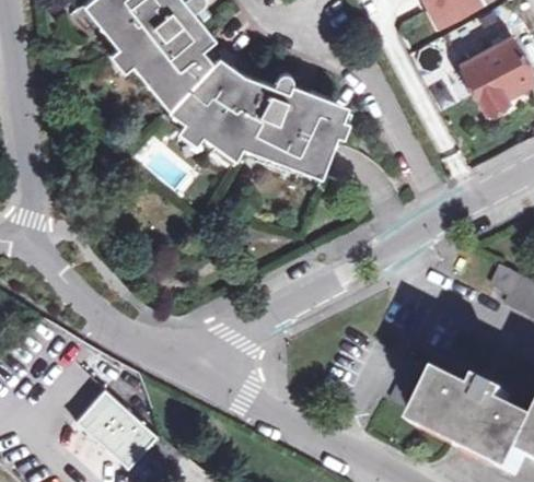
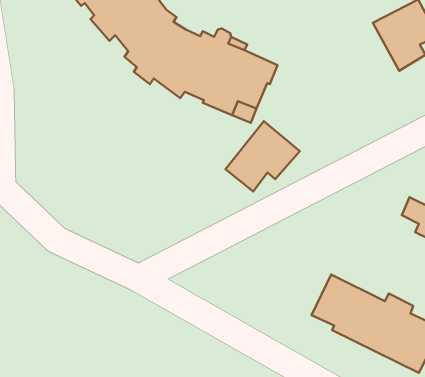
building: none -> [225,121,300,192]
building: [78,390,156,467] -> none

